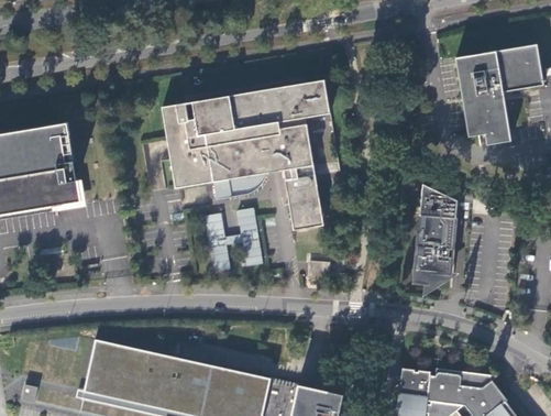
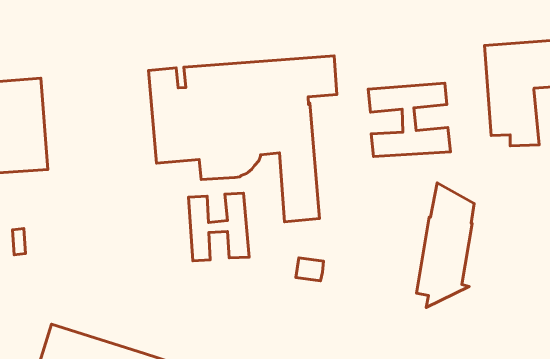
building: none -> [368,83,450,156]

